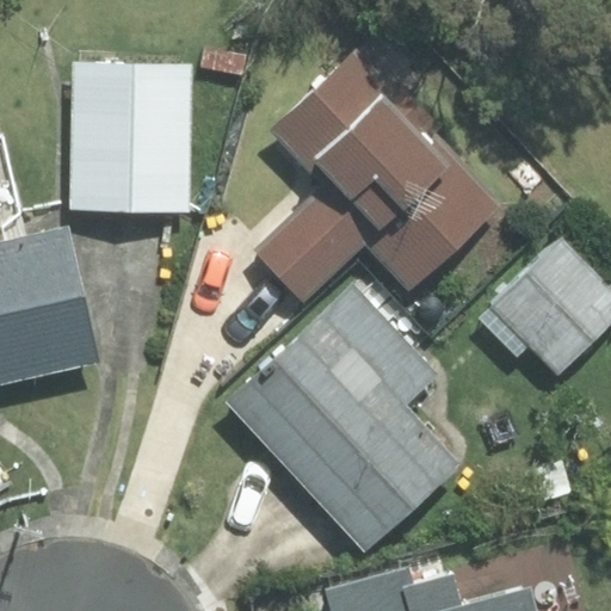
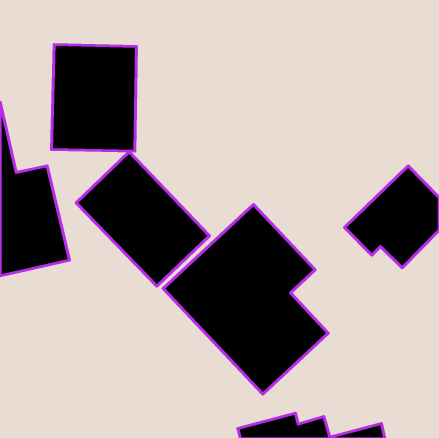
building: [255,56,493,301] -> none
building: none -> [76,152,209,286]

